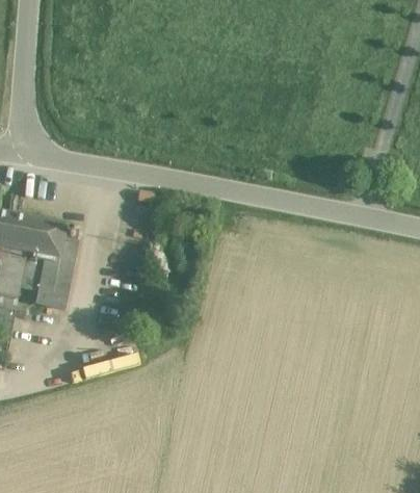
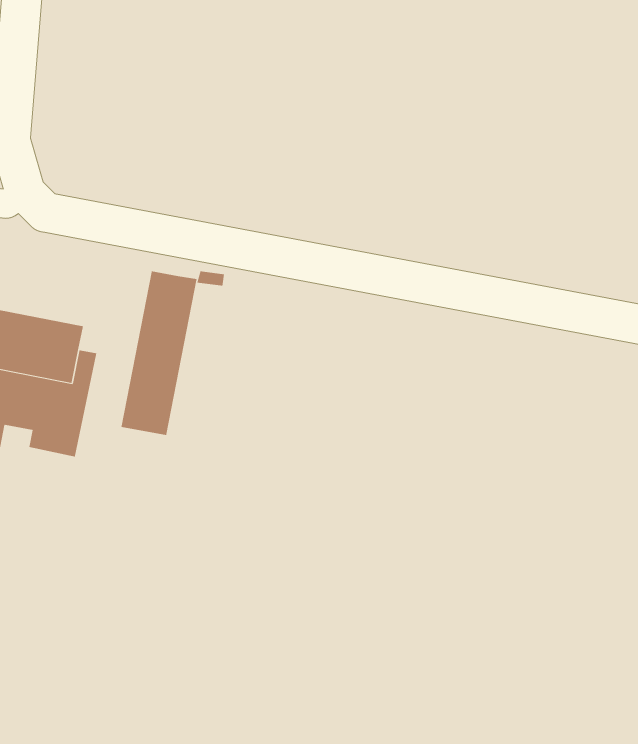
building: none -> [121,270,197,436]

